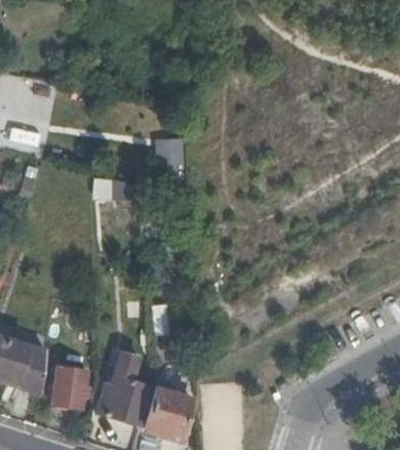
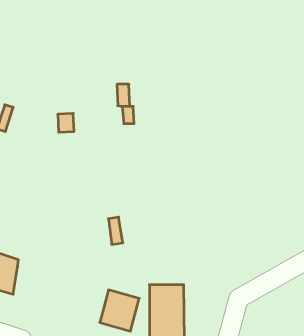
building: [104,354,151,425] -> none
building: [51,367,87,409] -> none

